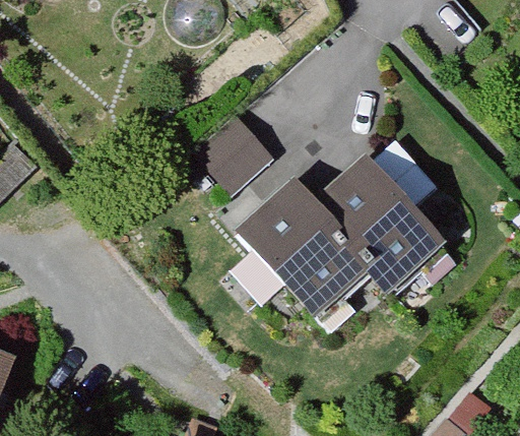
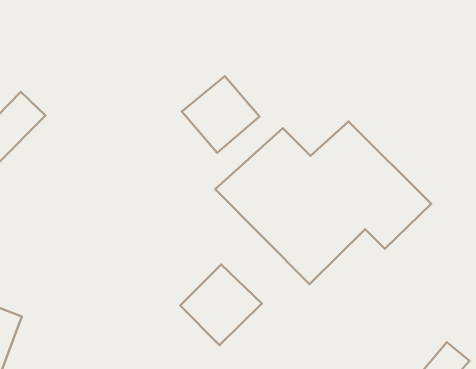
building: none -> [180,265,262,345]

